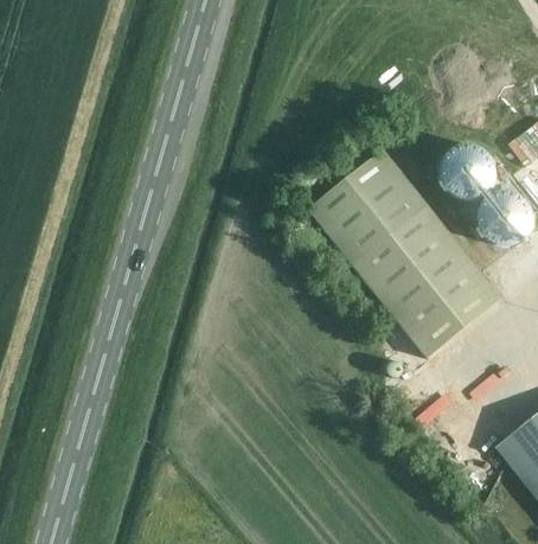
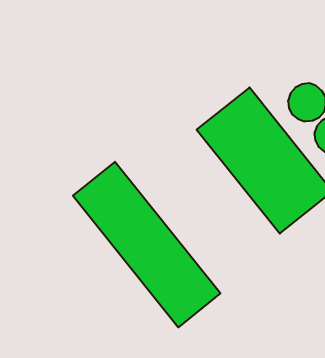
building: none -> [73,162,220,327]

